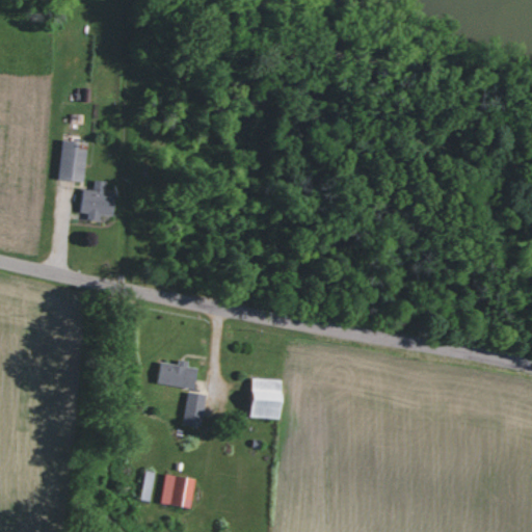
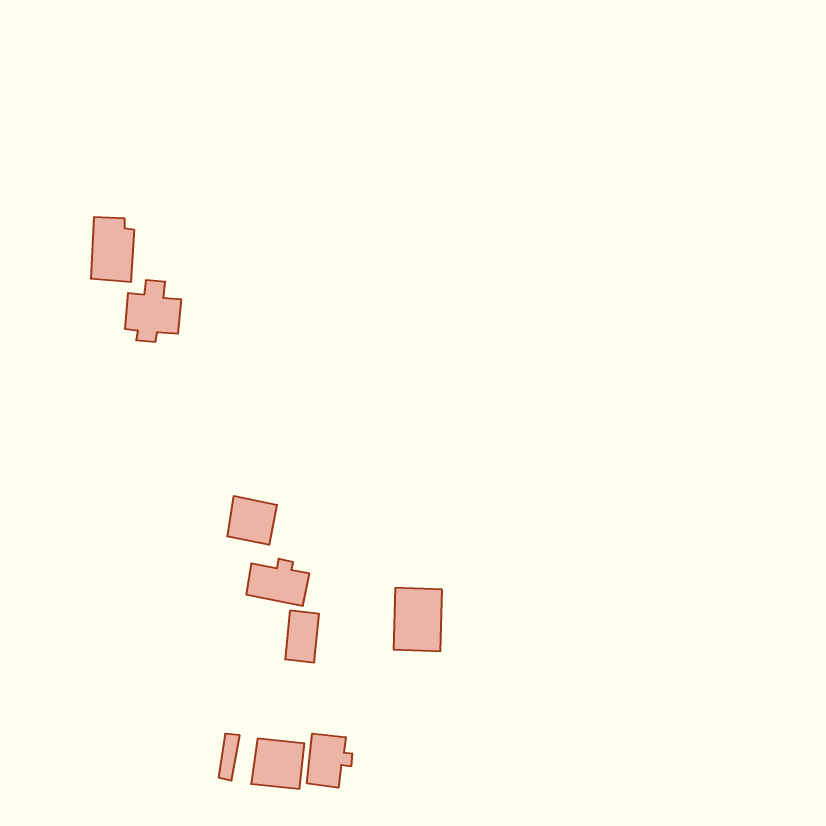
building: none -> [227,496,277,545]
building: none -> [307,734,352,788]

